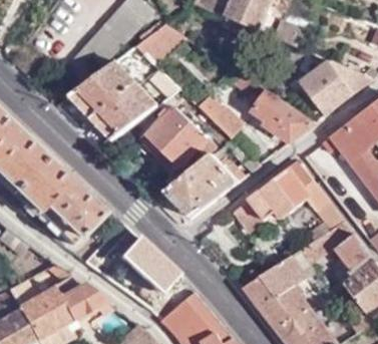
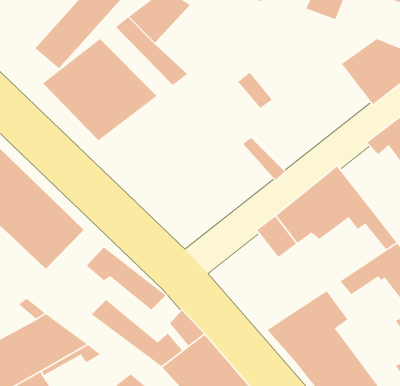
building: [228,69,314,141] -> none
building: [190,89,243,137] -> none
building: [145,106,214,167] -> none
building: [163,153,236,219] -> none

